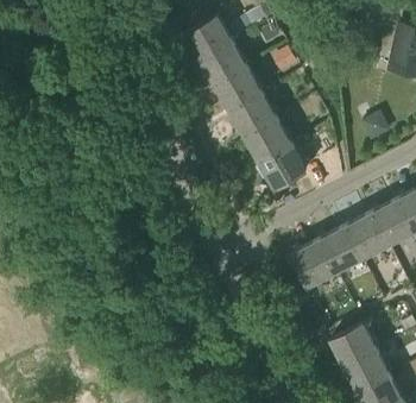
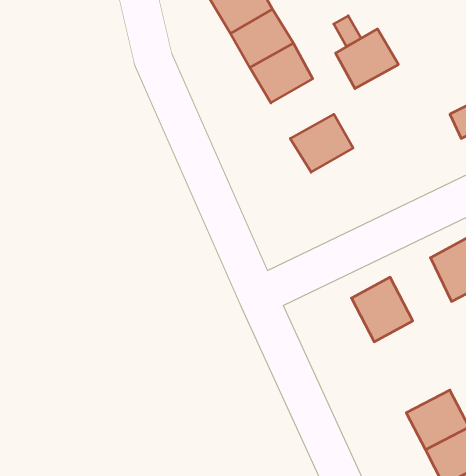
building: [231,94,277,138] -> [336,29,398,89]
building: [260,145,307,189] -> none
building: [319,226,364,272] -> none

